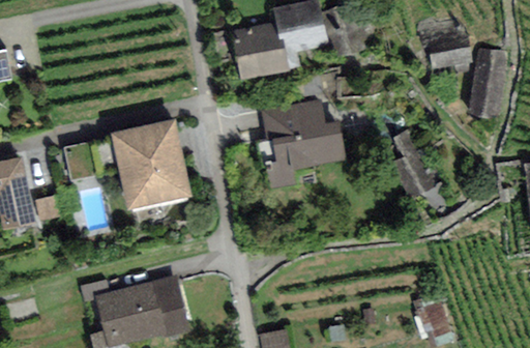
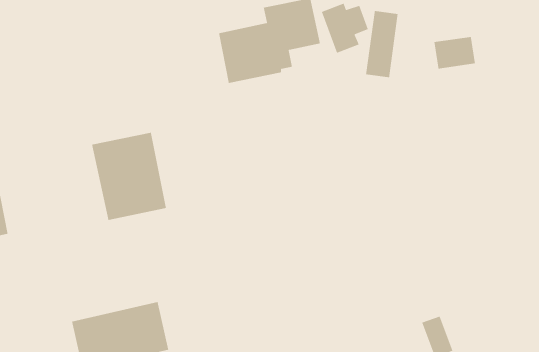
building: [472,49,503,112] -> [365,10,399,78]
building: [264,103,344,184] -> none
building: [390,129,434,197] -> none

